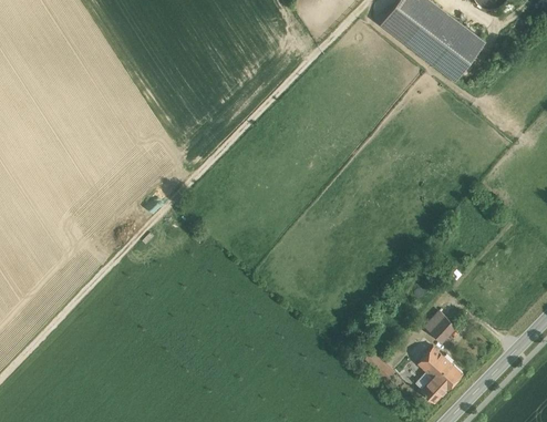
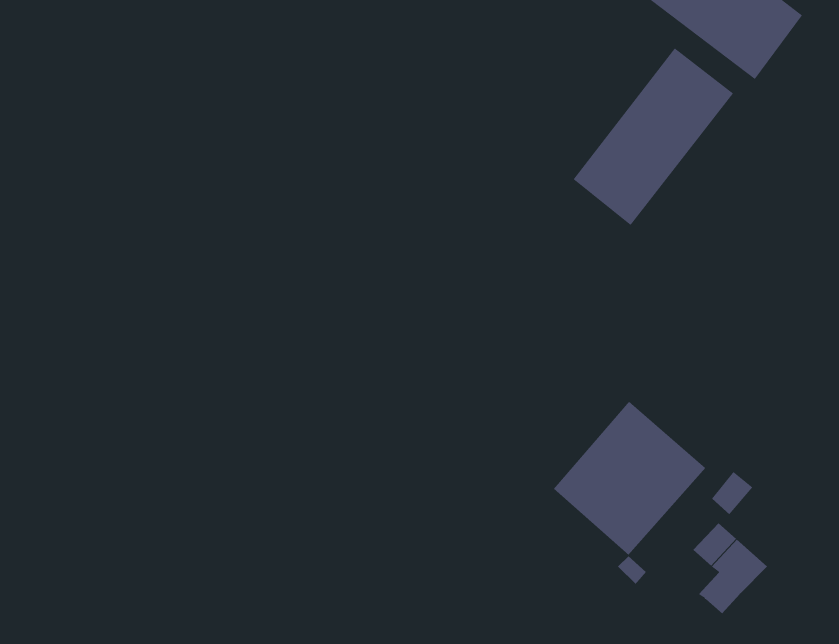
building: none -> [573,47,734,226]
building: none -> [553,401,706,555]

